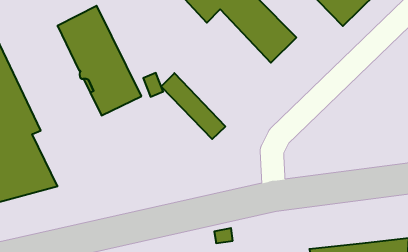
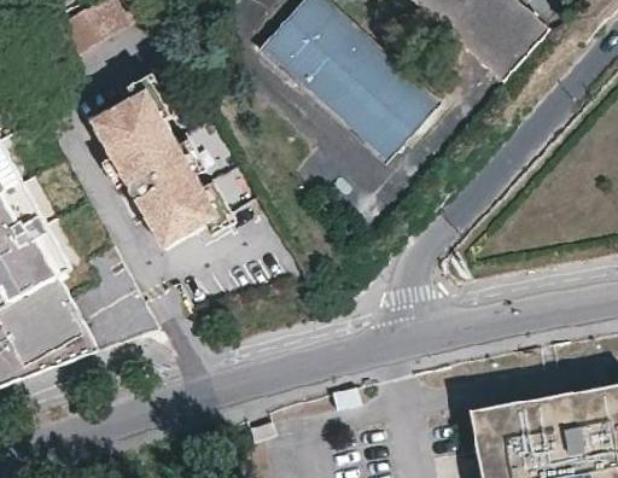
building: [161,73,225,139] -> [303,68,400,161]

